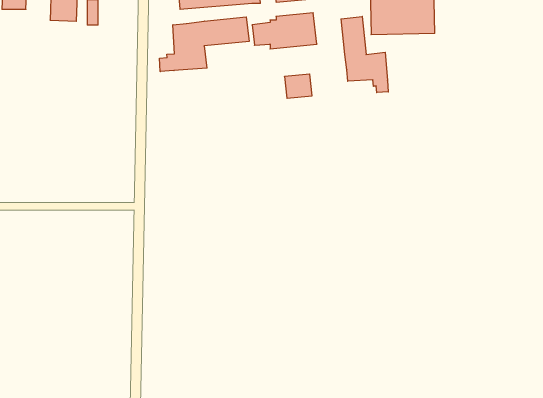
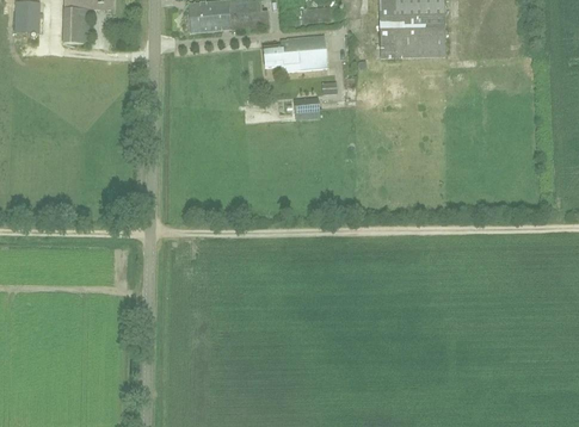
building: [341,16,388,93] -> none
building: [160,17,249,72] -> none

